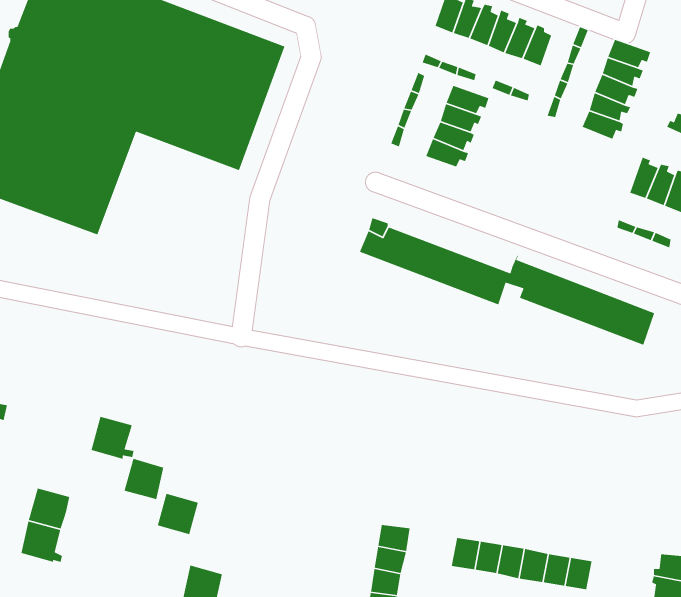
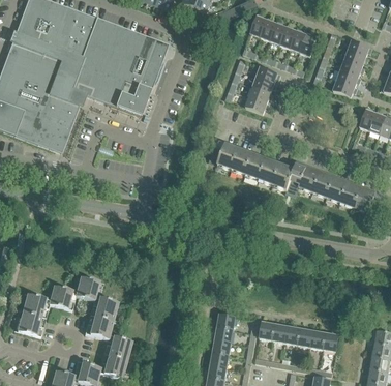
building: [91,416,135,460] -> [49,285,73,309]
building: none -> [85,315,113,338]

